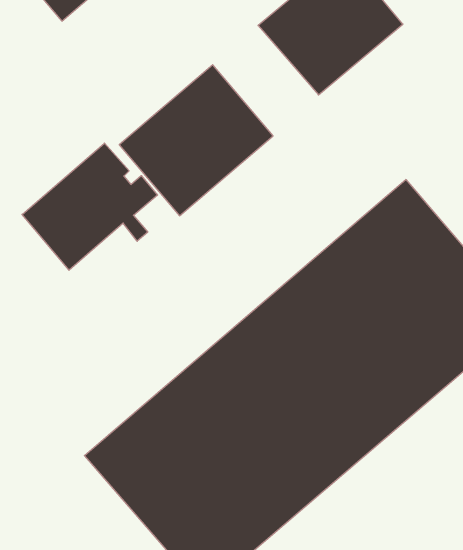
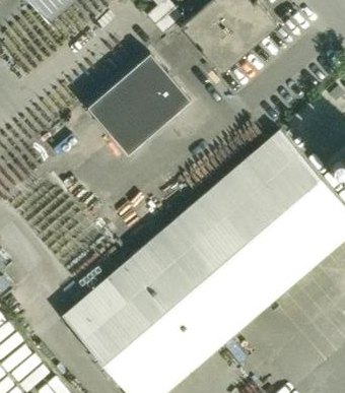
building: [22,143,158,270] -> none

